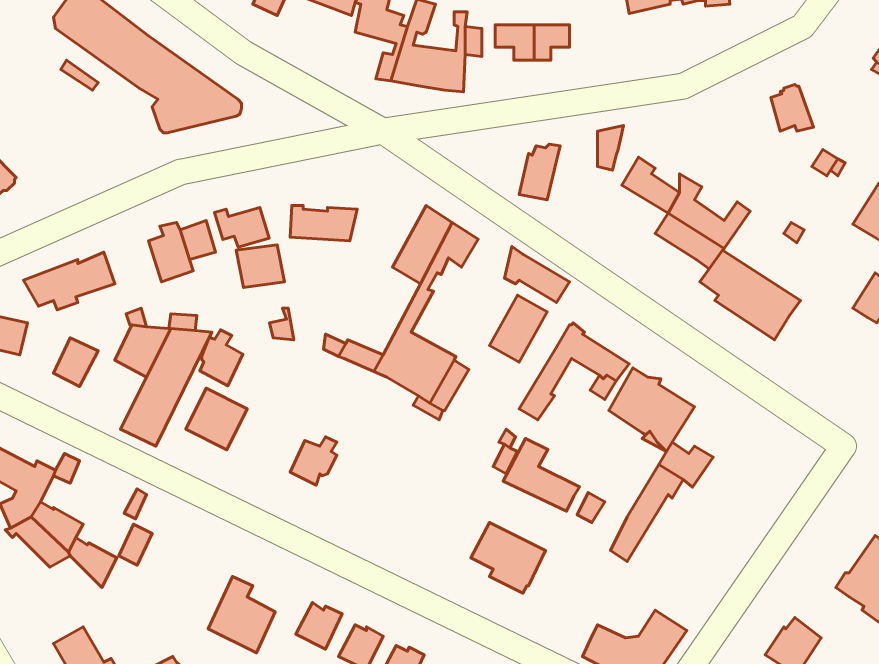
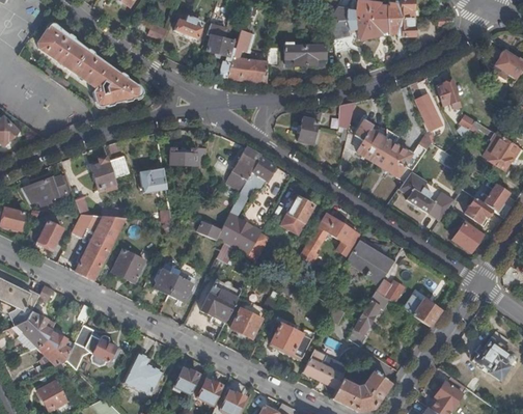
building: none -> [416,93,443,131]
building: [215,207,269,247] -> none
building: [504,247,570,302] -> [345,131,381,162]
building: none -> [465,197,492,224]
building: [200,330,243,386] -> [155,264,178,295]
building: none -> [452,221,481,251]
building: [503,438,580,511] -> [302,348,345,388]
building: none -> [201,288,238,326]
building: none -> [414,299,441,326]
building: none -> [231,307,263,338]
building: none -> [91,334,116,365]
building: none -> [35,341,65,372]

